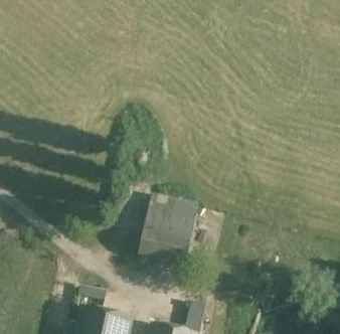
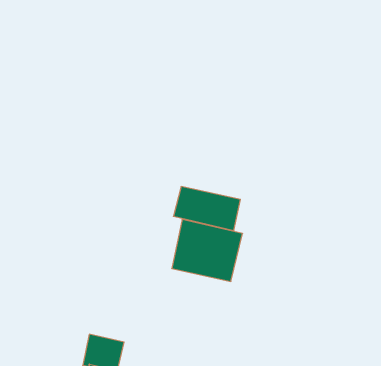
building: [137,230,189,265] -> [173,187,240,230]

